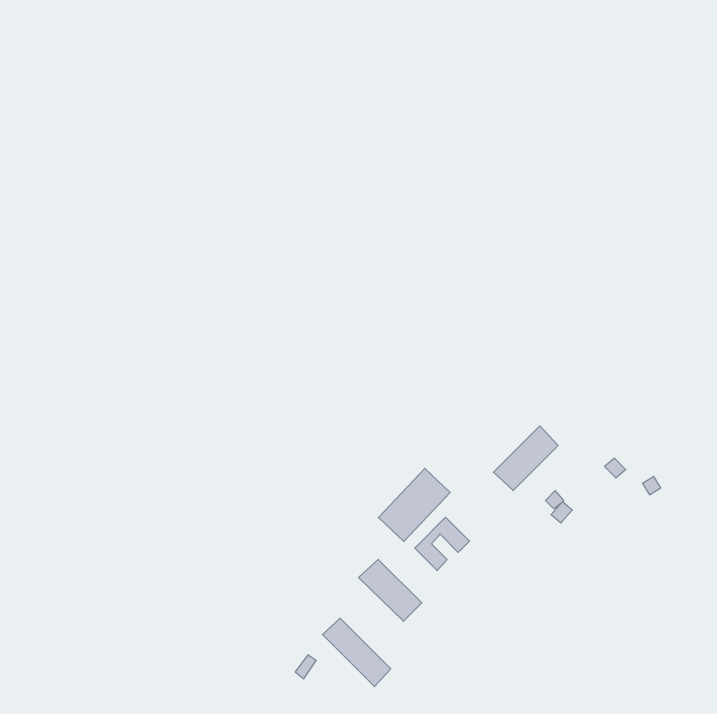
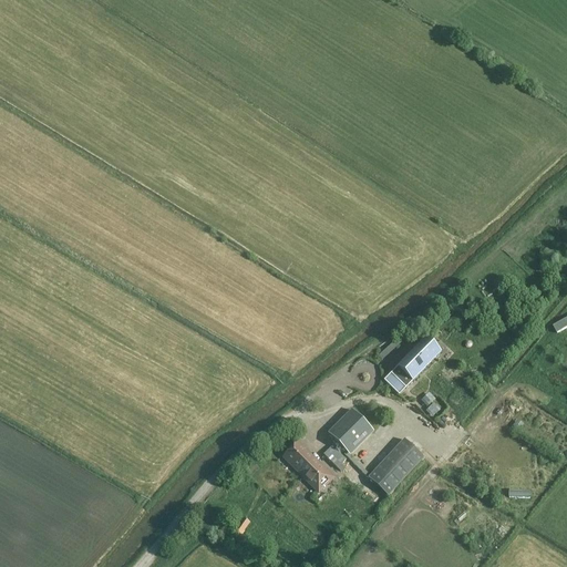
building: [378,468,450,542] -> [367,437,423,495]
building: [322,618,391,687] -> none

